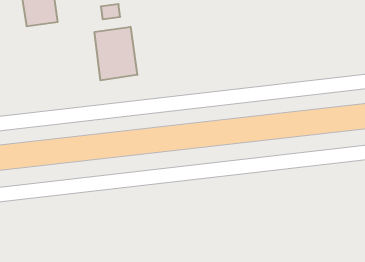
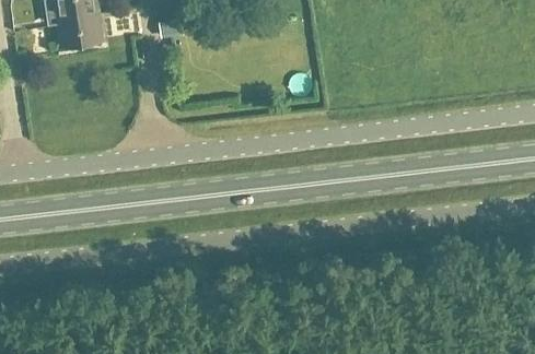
building: [95,27,137,80] -> none

